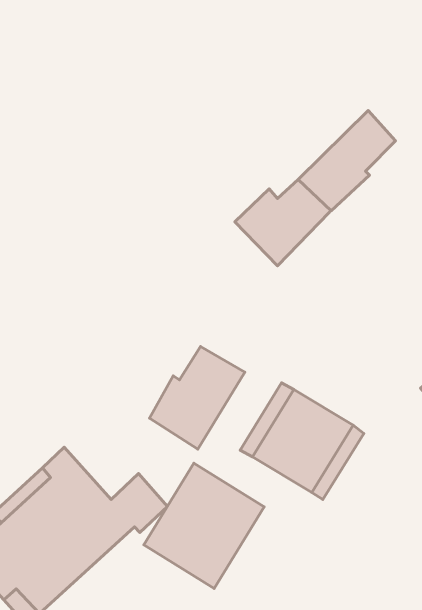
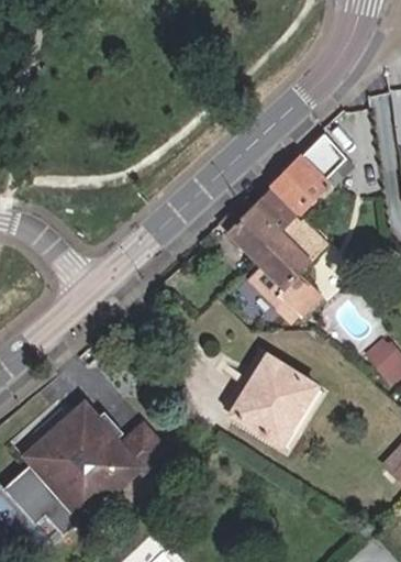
building: none -> [249,214,325,316]
building: [149,347,245,449] -> none
building: [144,463,264,588] -> none

